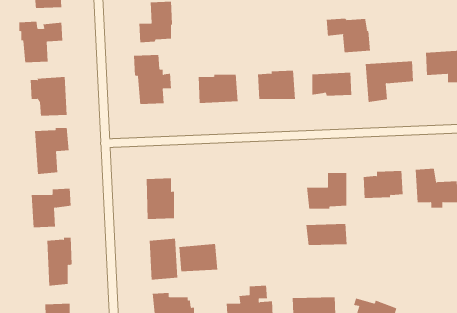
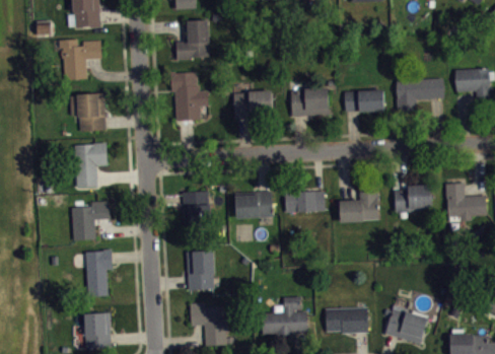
building: [326,18,370,53] -> none
building: [306,224,347,246] -> [284,191,325,212]
building: [178,244,218,272] -> [234,191,273,218]

